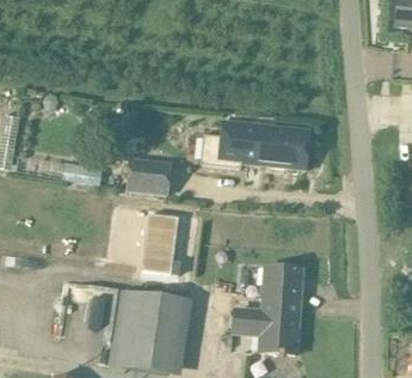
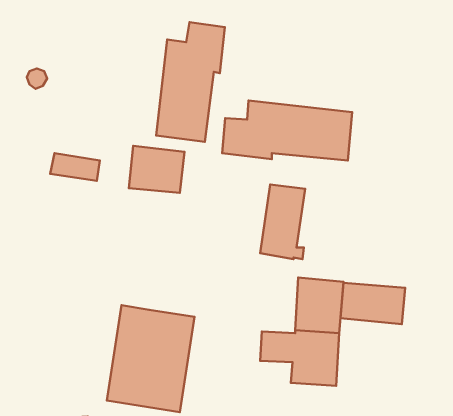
building: none -> [156,22,225,142]
building: [137,214,174,275] -> [260,184,305,259]
building: none -> [341,283,405,324]

